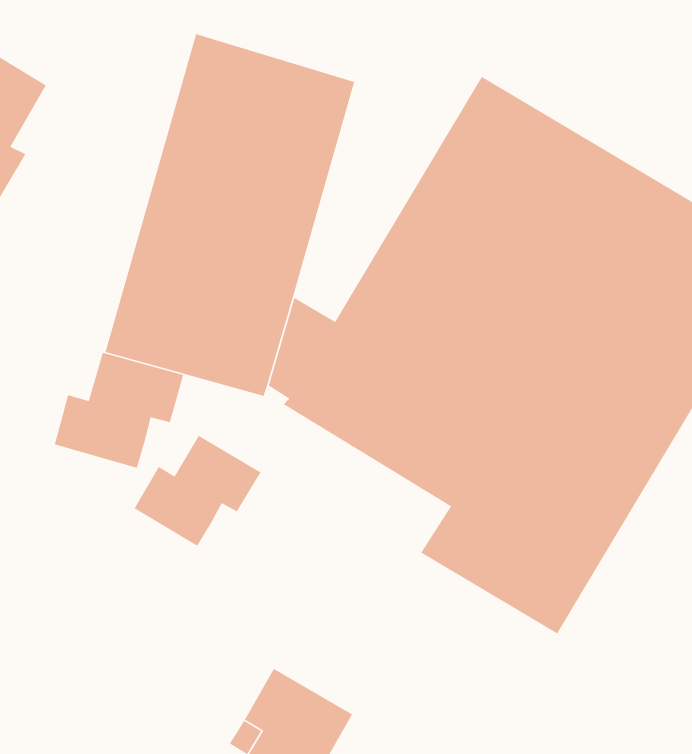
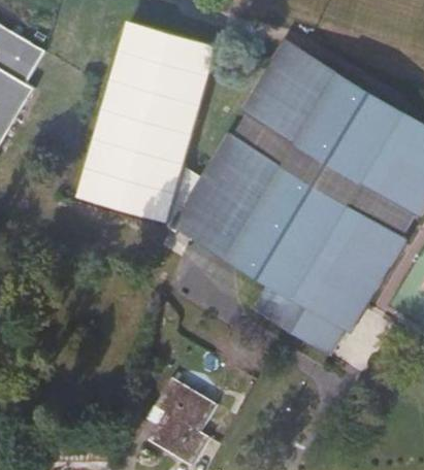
building: [54,352,184,469] -> none
building: [134,435,261,547] -> none

